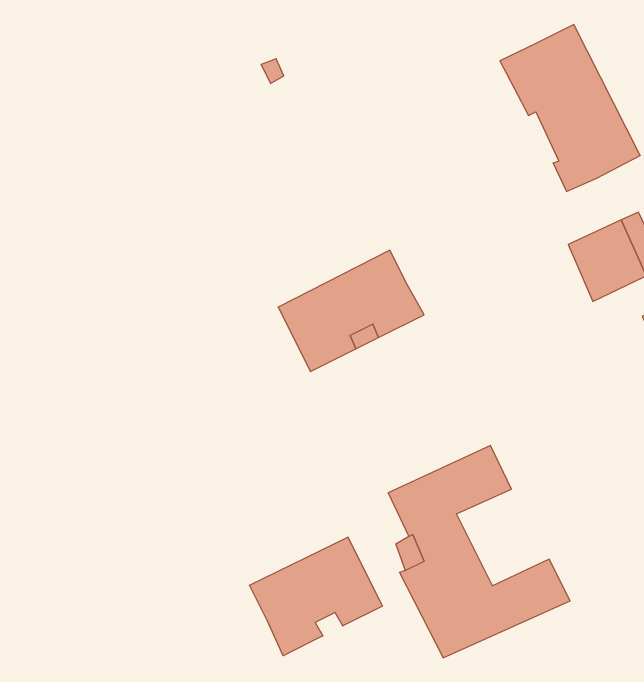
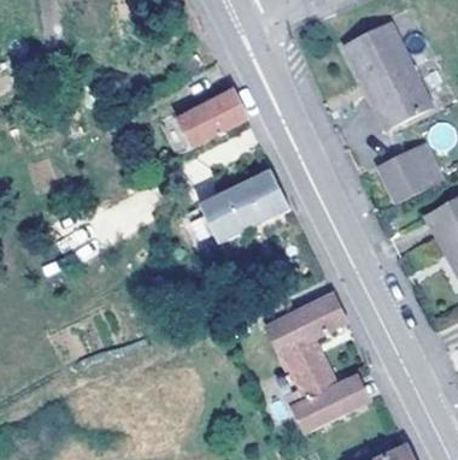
building: none -> [174,87,245,142]
building: [249,537,382,656] -> none

